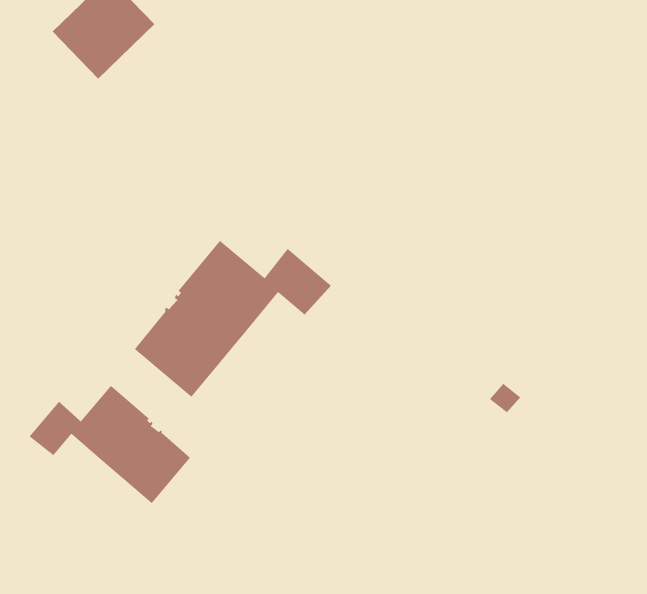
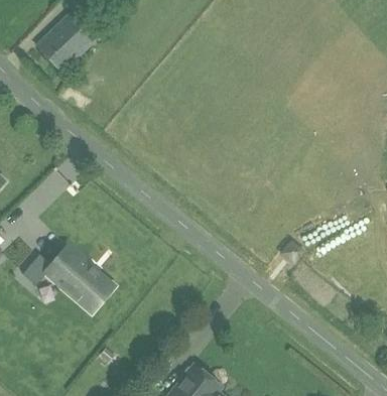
building: [134,240,332,398] -> none

